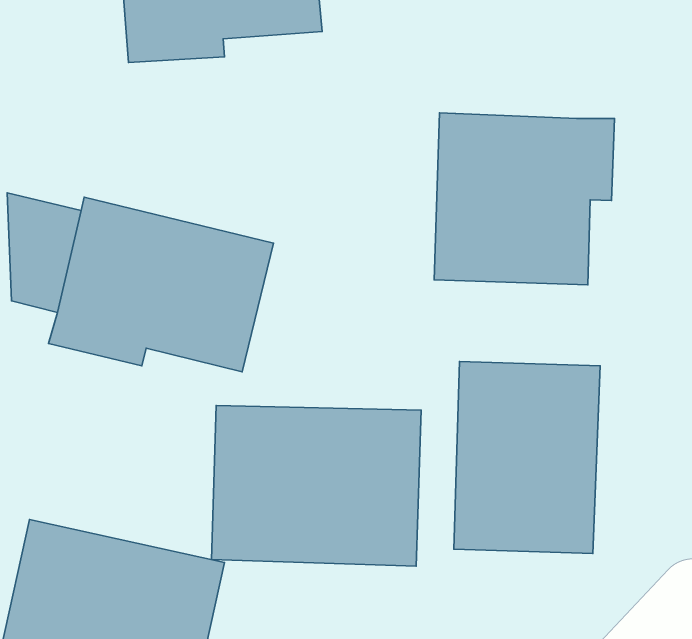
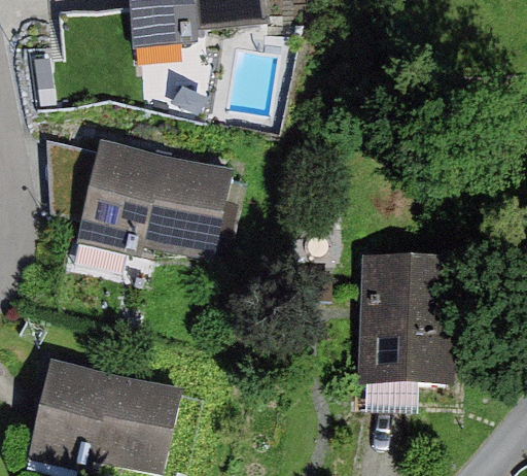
building: [434,113,614,285] -> none
building: [211,405,421,566] -> none

